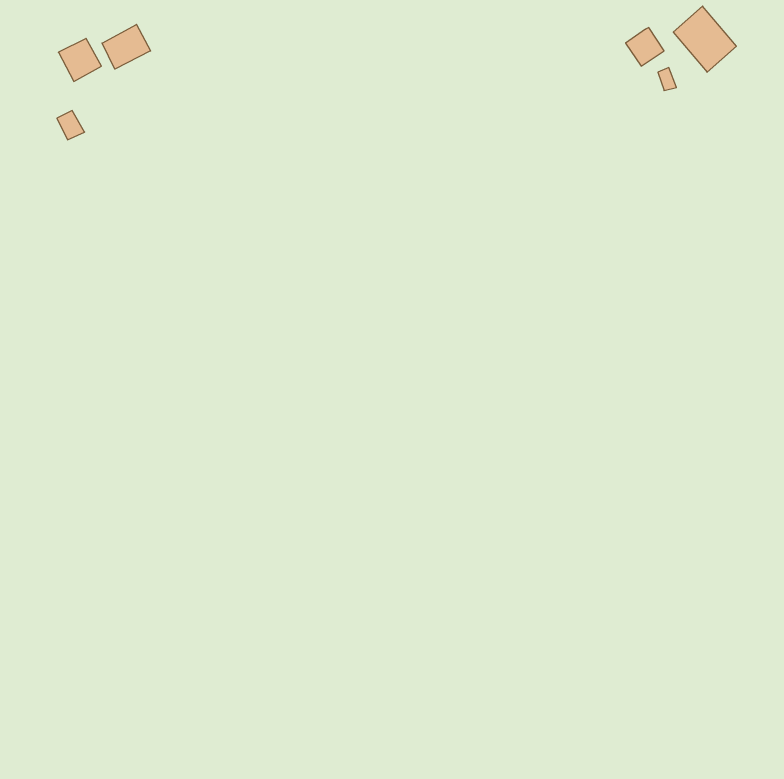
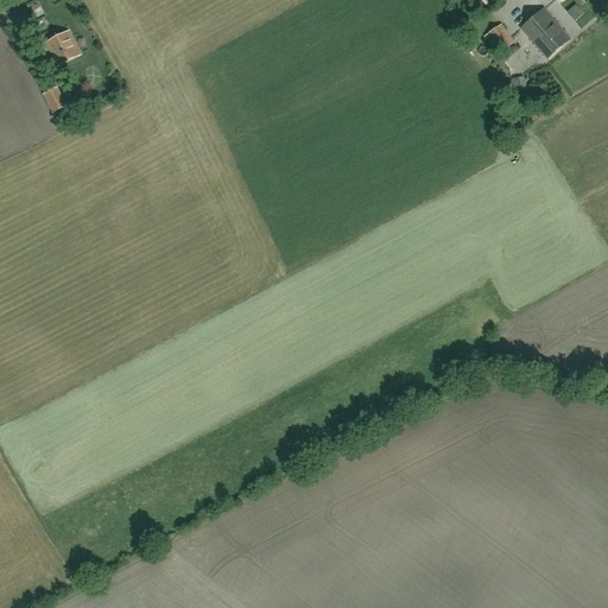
building: [102,24,151,69] -> none

